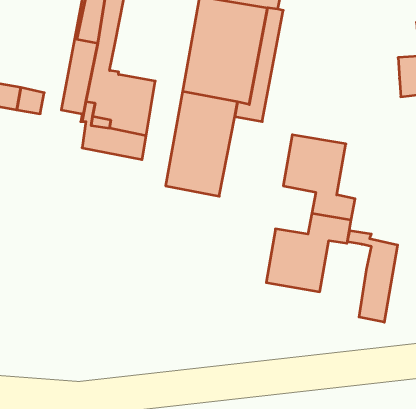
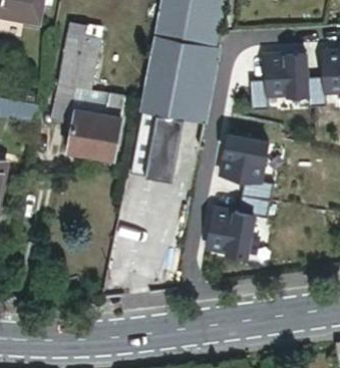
building: none -> [252,53,310,112]
building: [347,230,398,322] -> none

